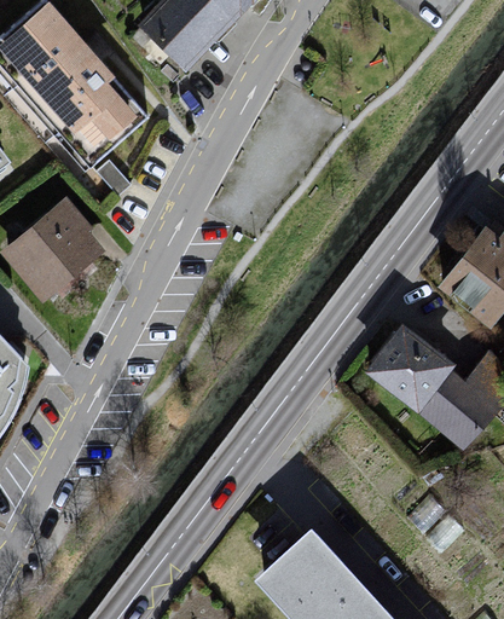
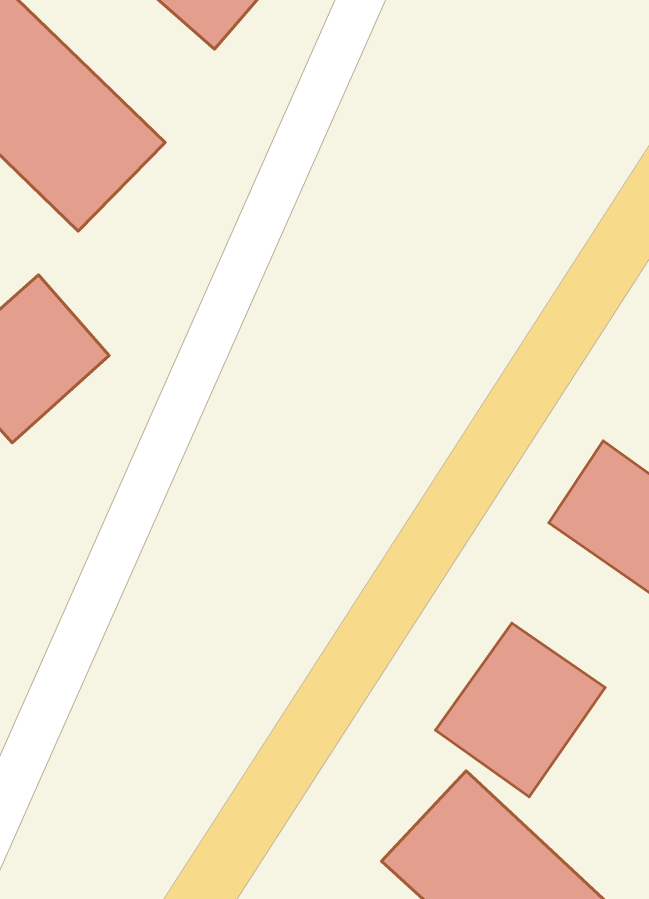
building: none -> [435,623,605,797]

